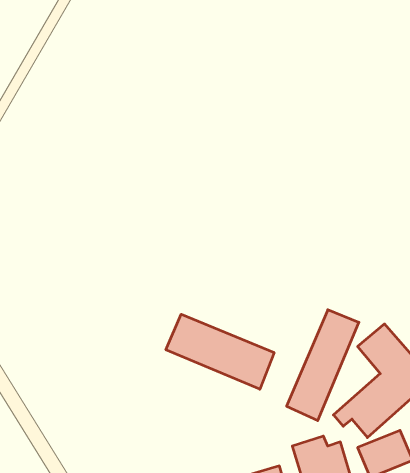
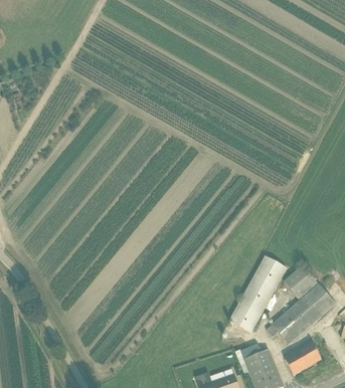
building: [166,314,274,389] -> none

